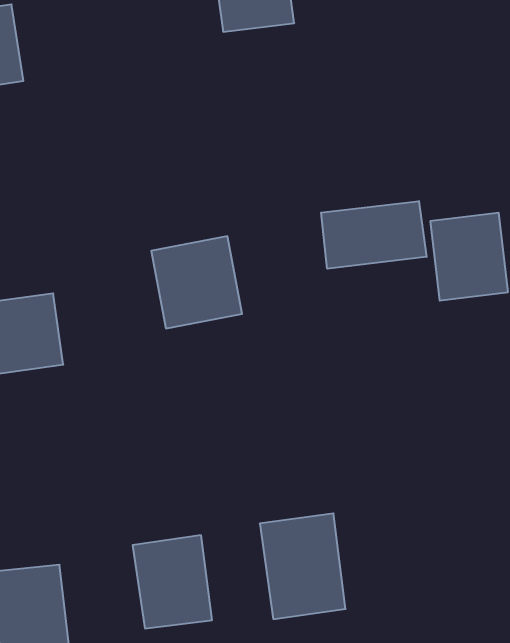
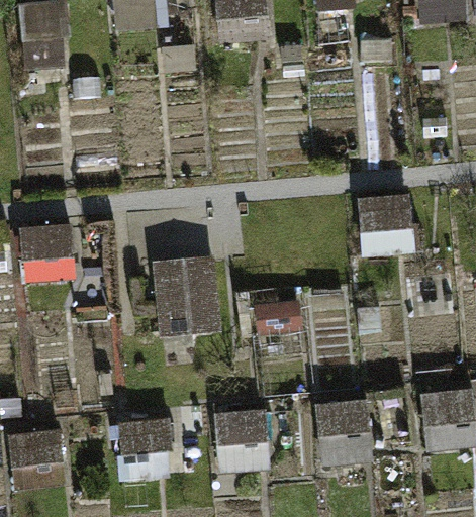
building: [321,201,427,269] -> none
building: [151,236,242,328] -> [151,272,214,336]
building: none -> [314,393,371,463]

